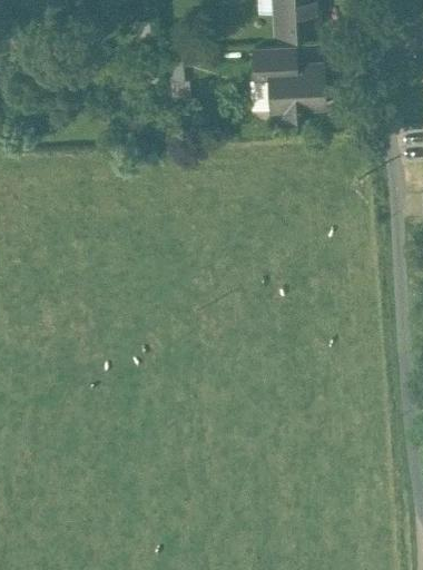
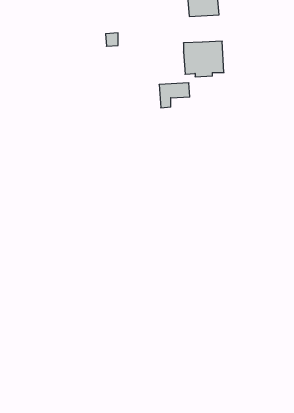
building: [255,48,296,81] -> [159,83,190,108]

